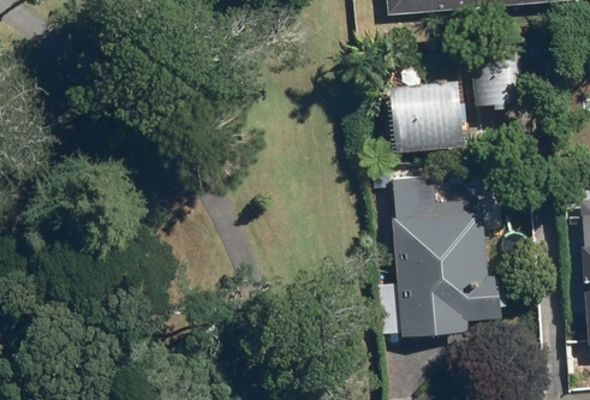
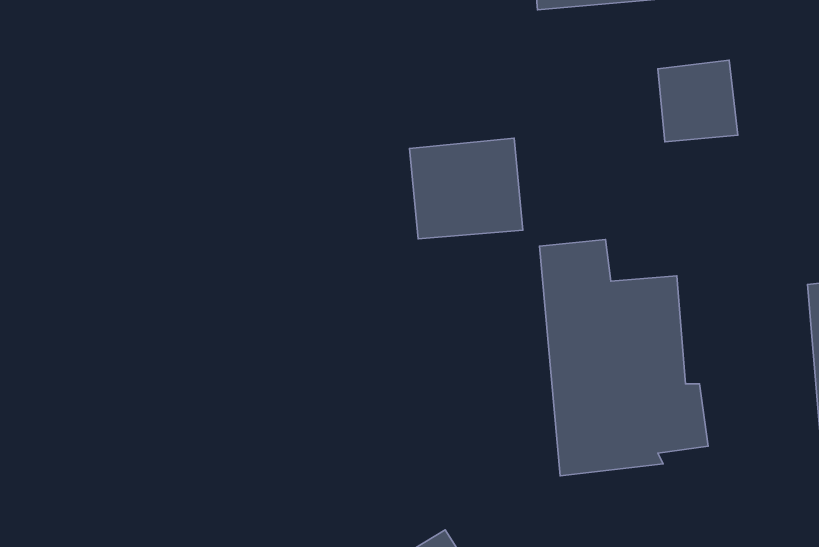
building: [392,80,470,150] -> [410,138,523,239]

